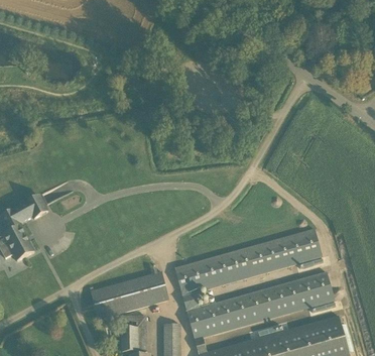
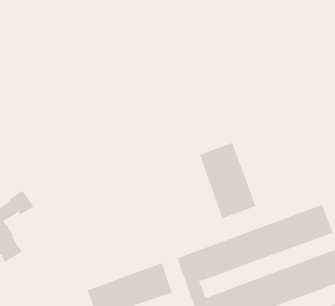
building: none -> [200,142,256,219]

